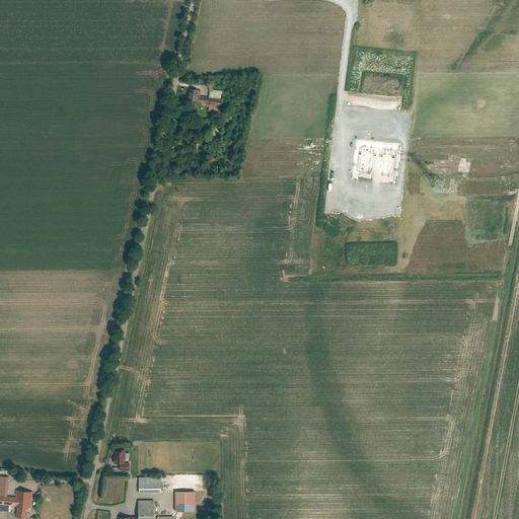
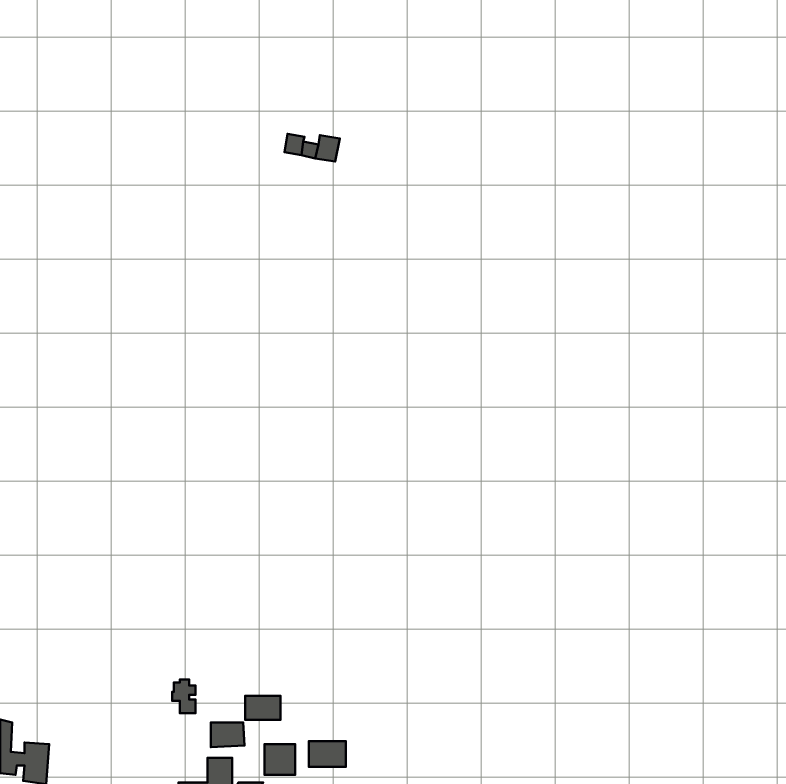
building: none -> [245,696,281,720]
building: none -> [309,741,346,767]

